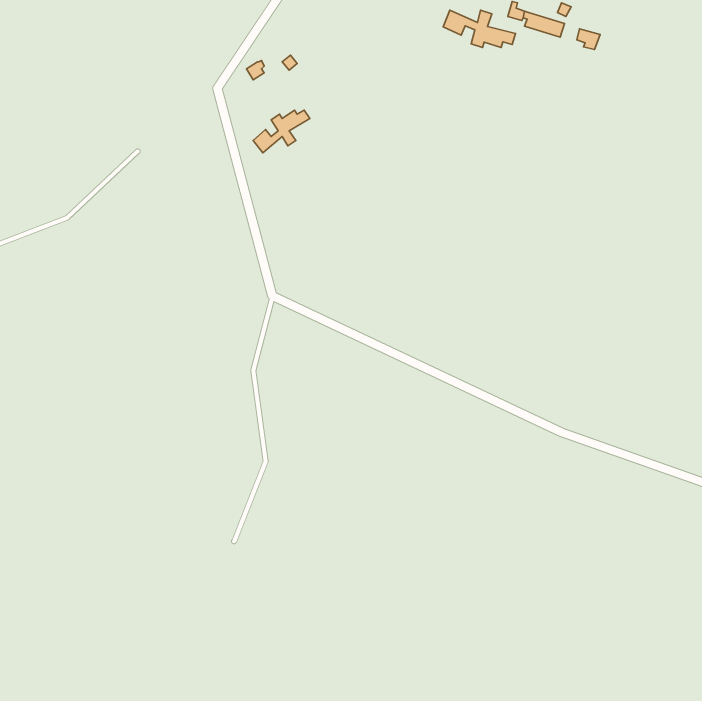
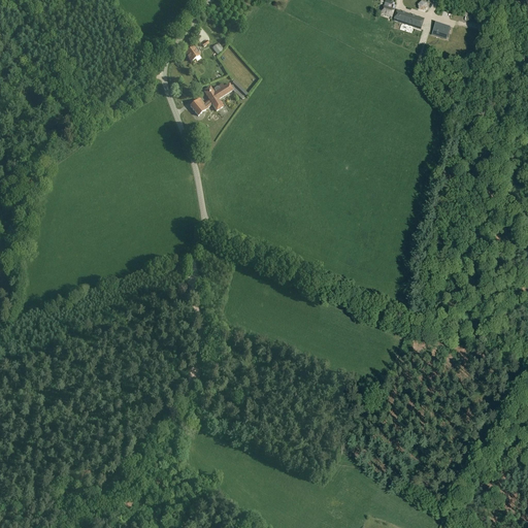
building: [443,10,515,47] -> none

